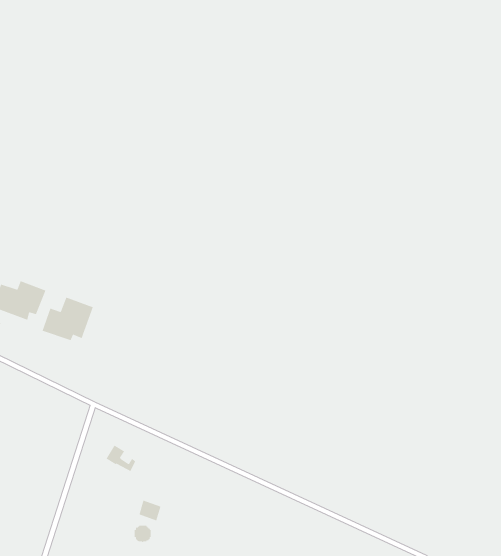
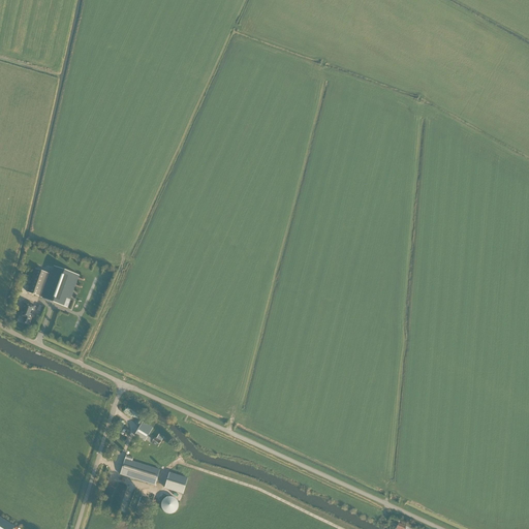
building: [42,297,94,341] -> none
building: none -> [120,455,159,485]

